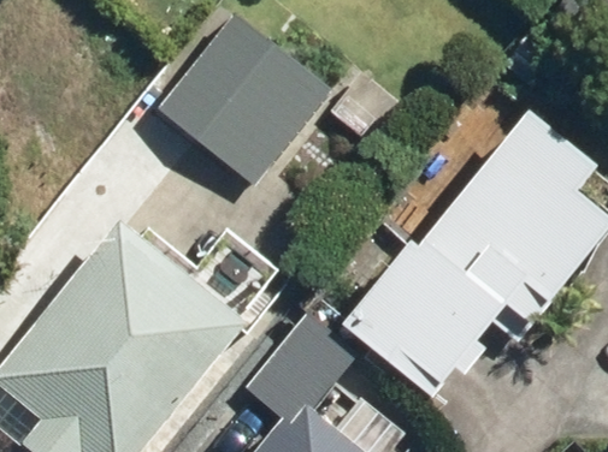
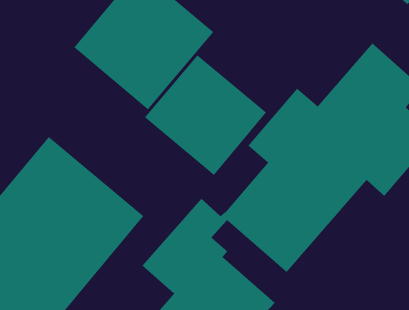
building: none -> [144,54,267,176]

